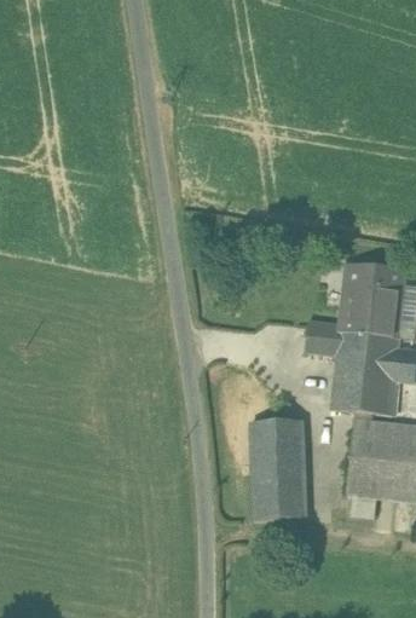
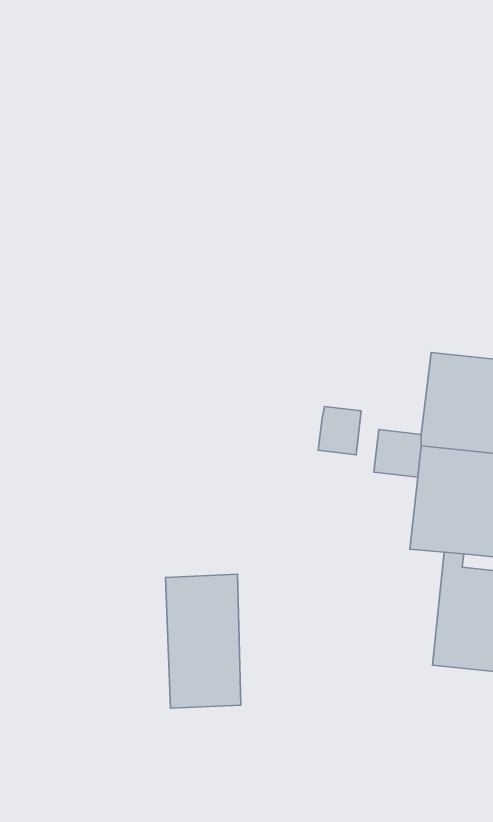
building: none -> [318,407,361,455]
building: [250,420,306,519] -> [166,574,241,708]

